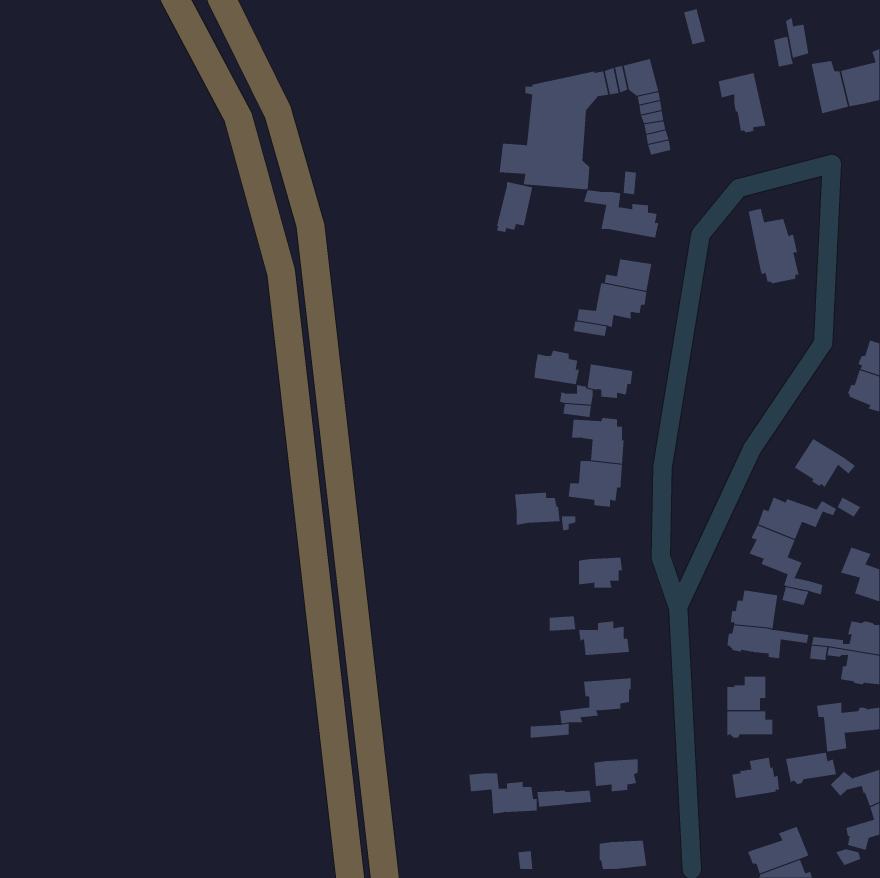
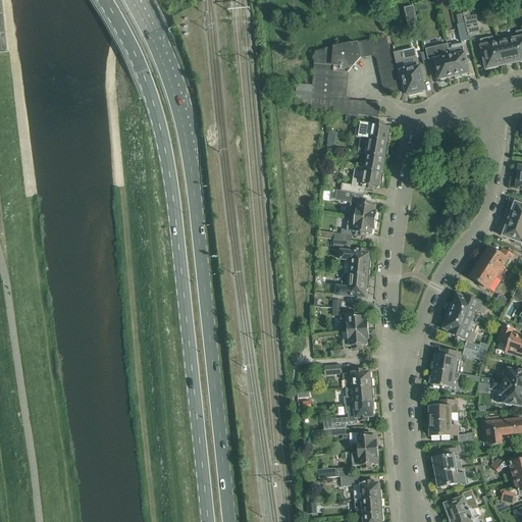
building: none -> [446,42,468,74]
building: [496,181,533,233] -> none
building: [748,208,800,284] -> [394,49,424,94]
building: none -> [357,136,387,156]
building: [533,350,580,385] -> [349,199,376,219]
building: none -> [480,246,513,270]
building: [514,492,561,525] -> [340,312,367,331]
building: none -> [344,385,373,403]
building: none -> [349,431,377,450]
building: [785,752,837,785] -> [434,468,465,487]
building: [468,773,537,814] -> [340,474,380,499]

